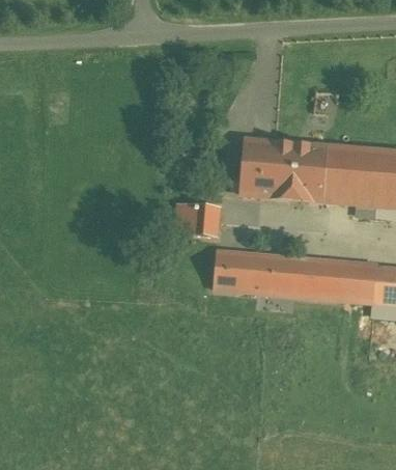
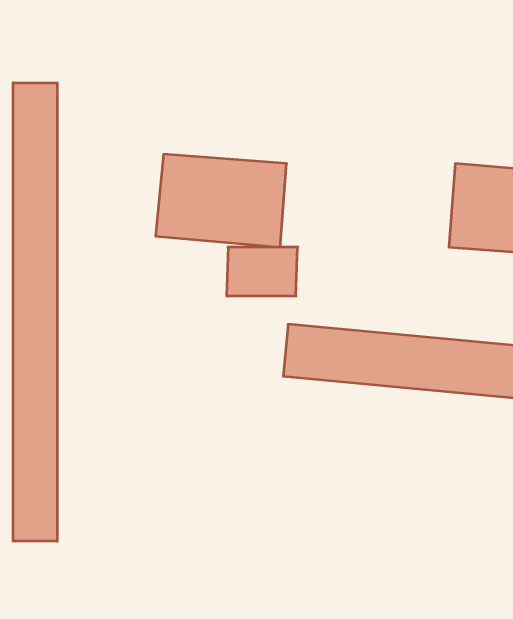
building: none -> [13,83,57,541]
building: [241,140,327,201] -> [156,154,287,247]

